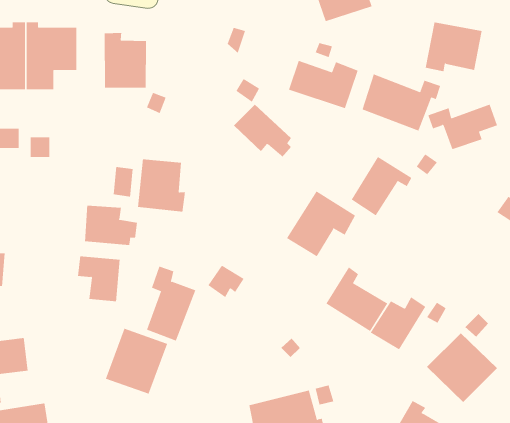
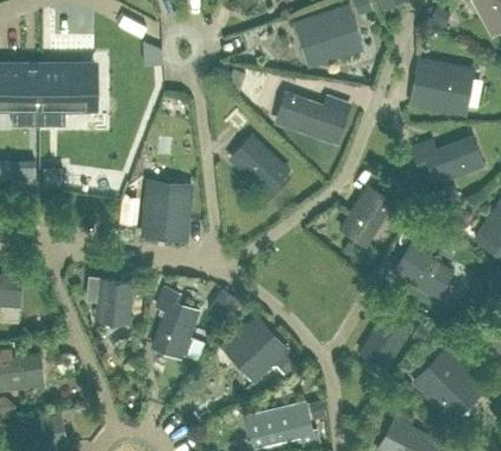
building: [104,32,146,89] -> none
building: [362,73,441,132] -> none
building: [286,190,356,257] -> none
building: [84,205,137,246] -> none
building: [326,267,388,332] -> [394,238,452,299]
building: none -> [228,319,288,378]
building: [105,328,168,394] -> none

